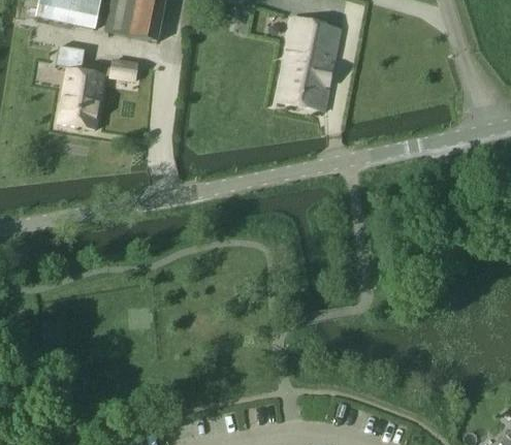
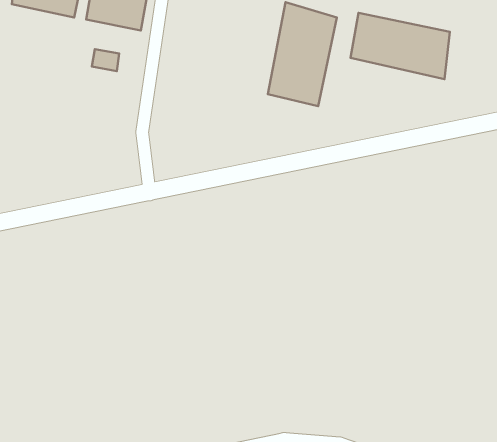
building: none -> [351,13,450,79]
building: [56,46,103,130] -> none

